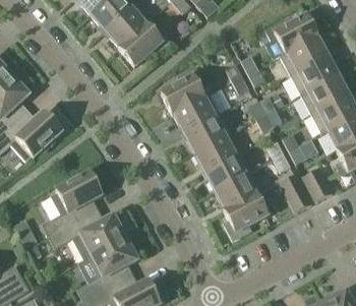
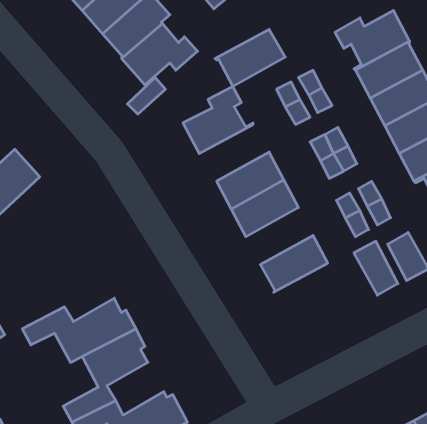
building: [172,94,221,133] -> [215,29,285,86]
building: [204,151,251,191] -> none
building: [43,172,102,236] -> none
building: [224,190,268,240] -> none

